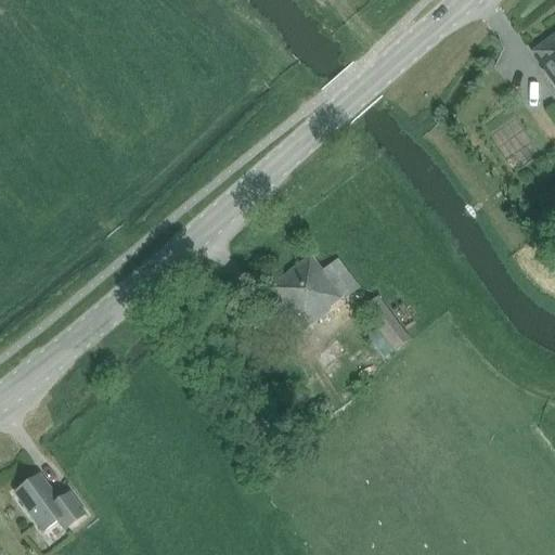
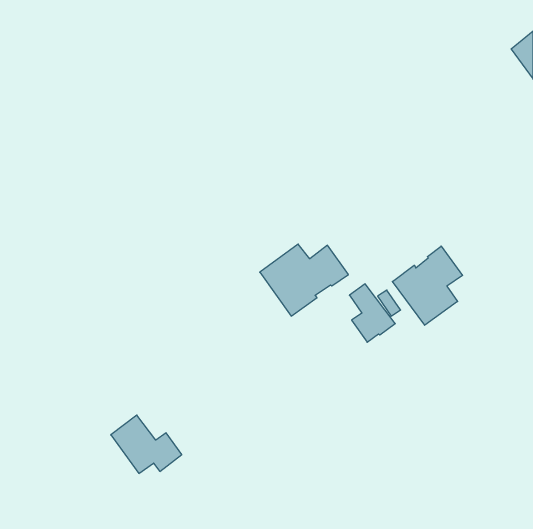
building: none -> [392,246,463,325]
building: [13,470,87,531] -> [111,415,182,473]

